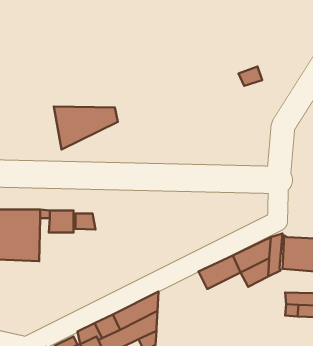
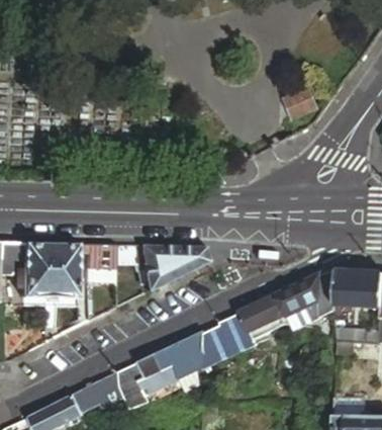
building: [54,107,118,149] -> [139,245,207,290]
building: none -> [202,309,262,368]

